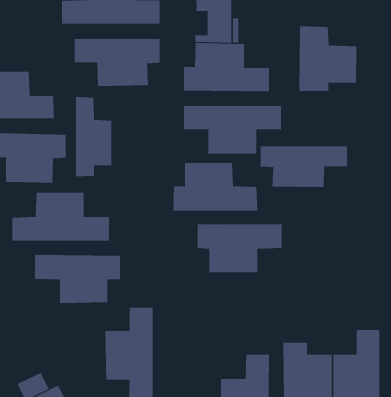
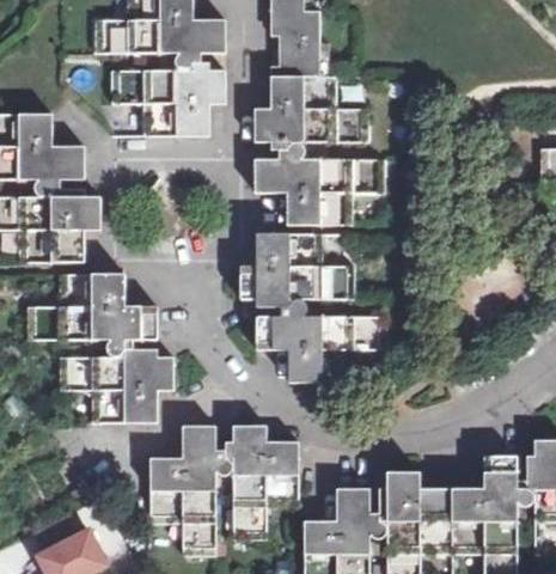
building: [299,25,357,92] -> none
building: [75,96,112,177] -> none
building: [260,145,348,188] -> none
building: none -> [233,426,298,538]

